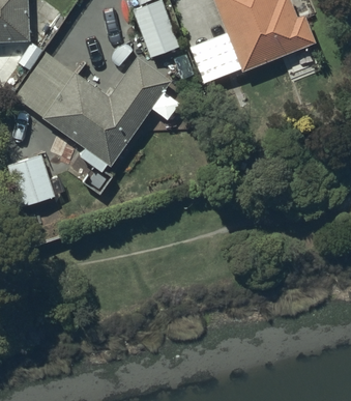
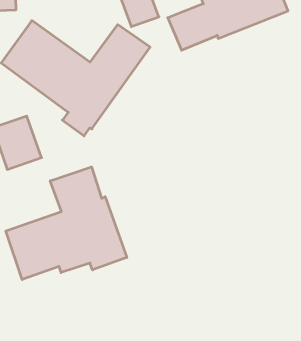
building: none -> [6,167,127,280]

